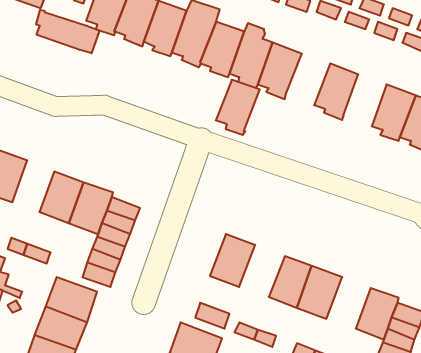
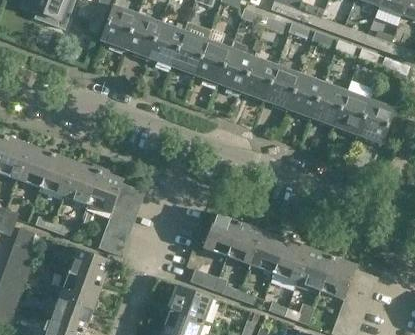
building: [36,10,99,53] -> none
building: none -> [311,83,346,128]
building: [216,80,260,135] -> [264,66,300,111]
building: none -> [41,153,75,195]
building: none -> [226,222,263,264]
building: none -> [297,248,333,290]

